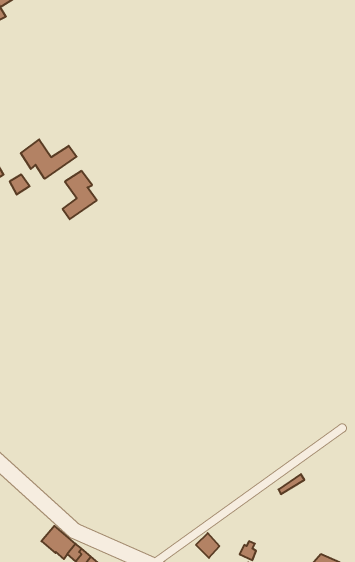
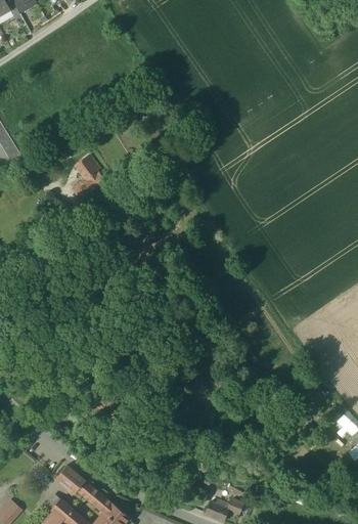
building: [21,139,77,179] -> none

